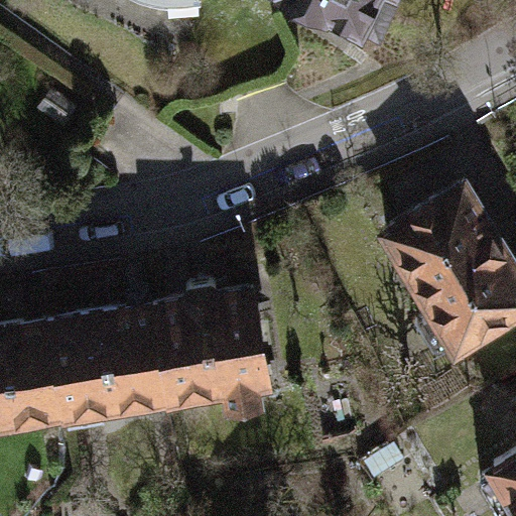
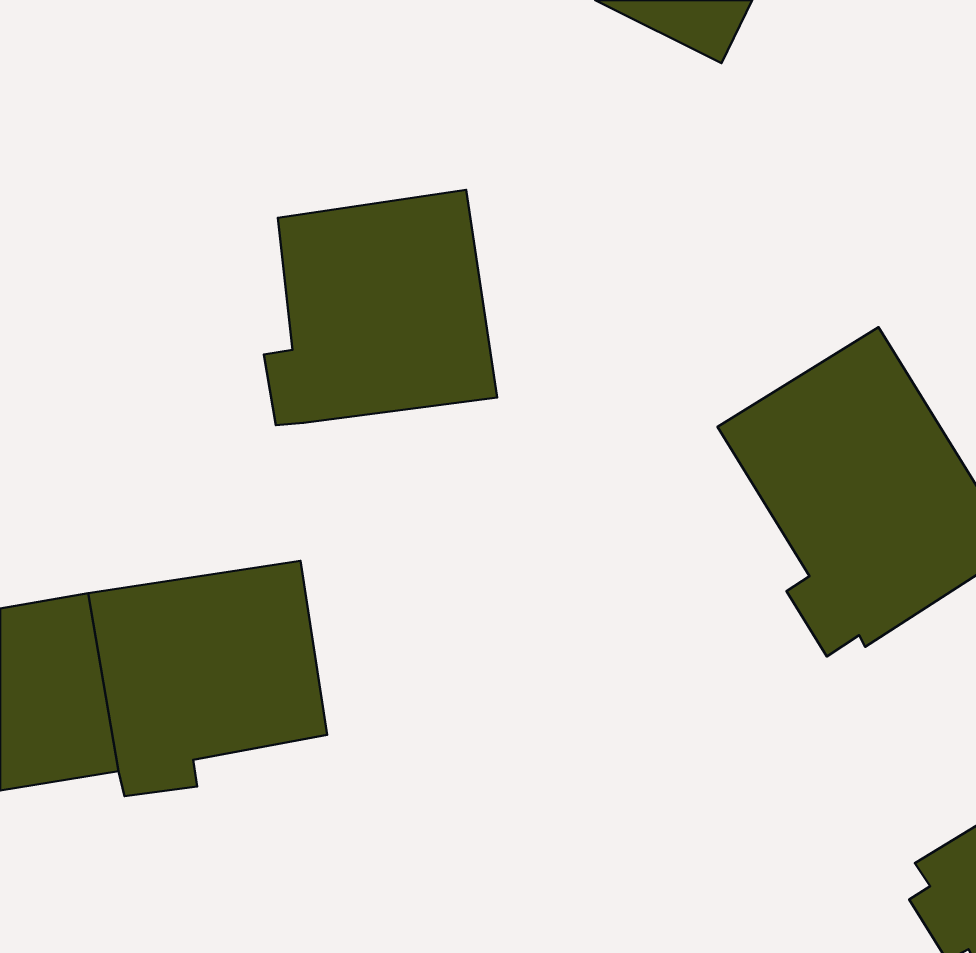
building: none -> [264,190,497,425]
building: [159,286,267,413] -> none

